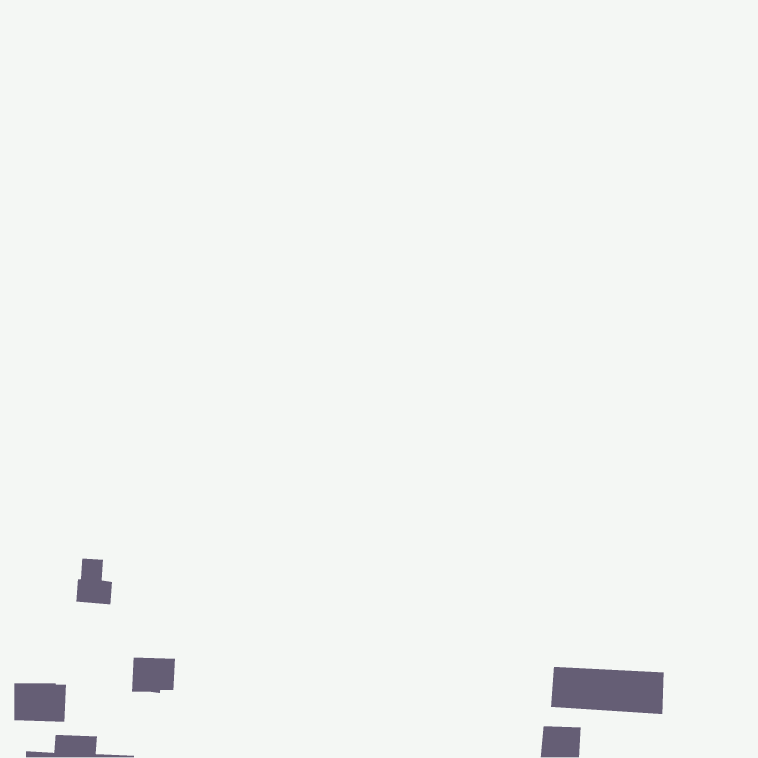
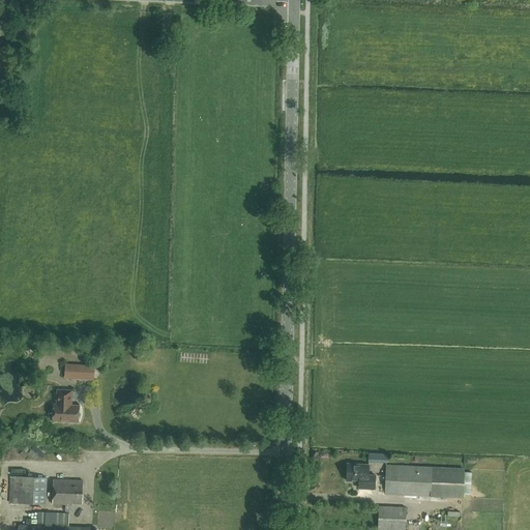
building: none -> [64,363,94,380]
building: [131,657,176,694] -> [52,479,83,505]
building: none -> [347,464,375,490]

